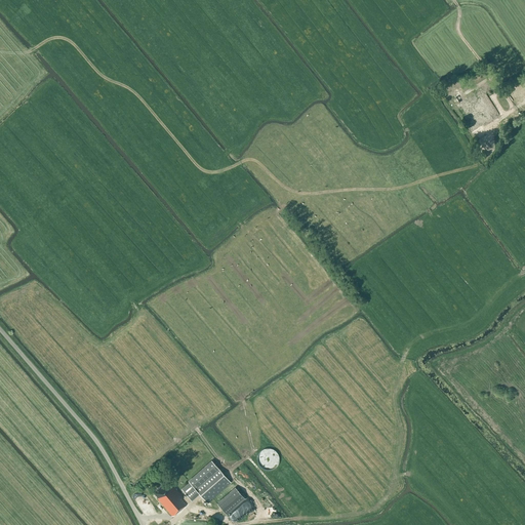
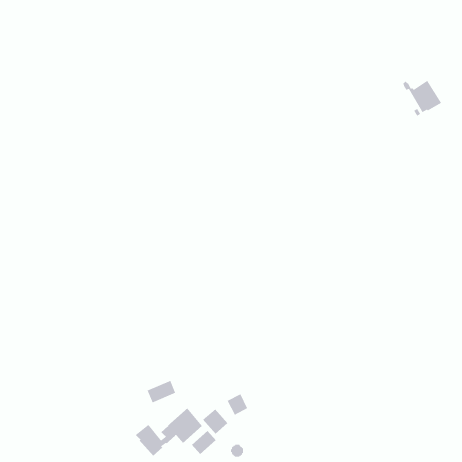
building: none -> [147,380,176,403]
building: none -> [202,408,228,434]

